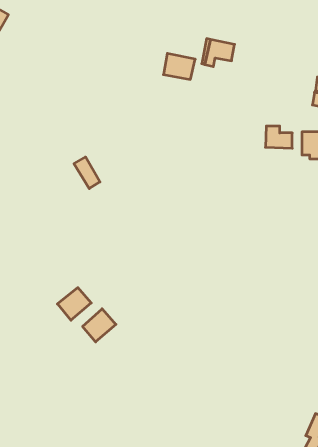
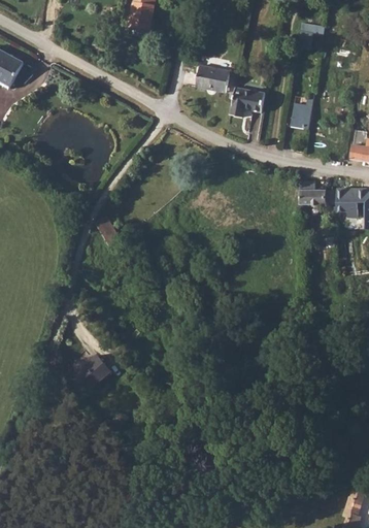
building: none -> [291,103,310,129]
building: [163,53,195,79] -> [196,64,230,92]
building: [83,309,116,342] -> none

